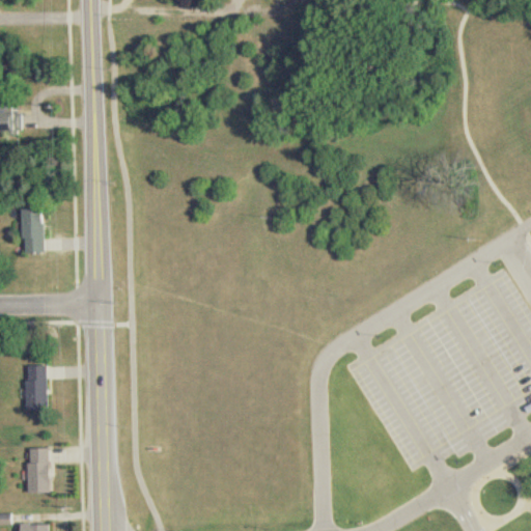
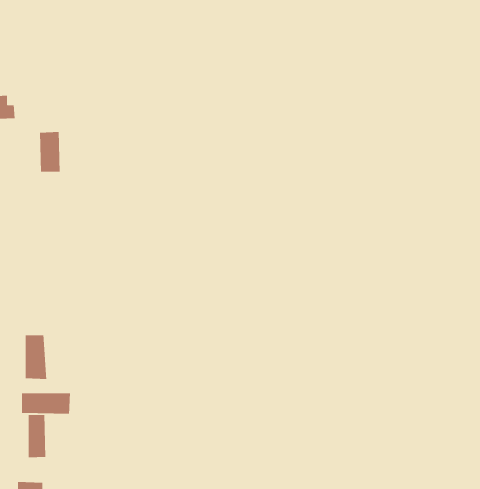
building: [18,208,40,253] -> [39,131,60,172]
building: none -> [21,392,71,415]

